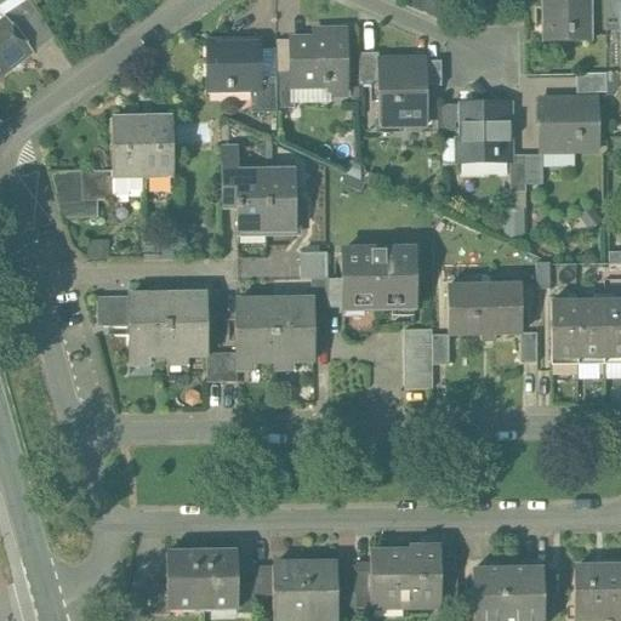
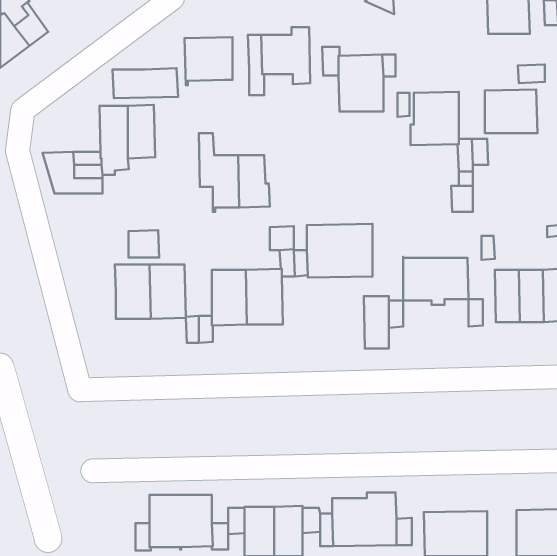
building: none -> [113,68,178,98]
building: [251,76,278,112] -> none
building: [96,294,130,324] -> [129,230,159,257]

